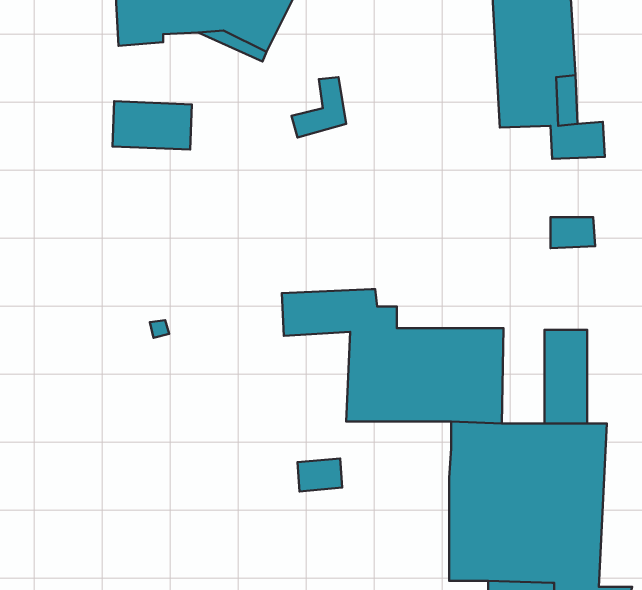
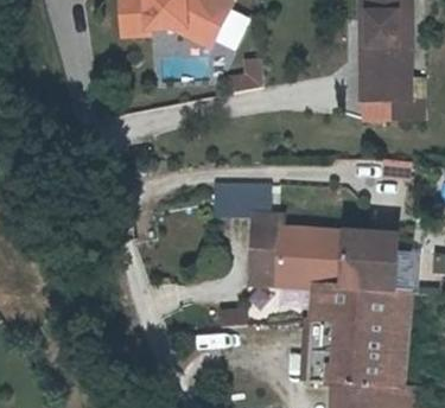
building: [112,101,192,149] -> none
building: none -> [351,223,377,281]

